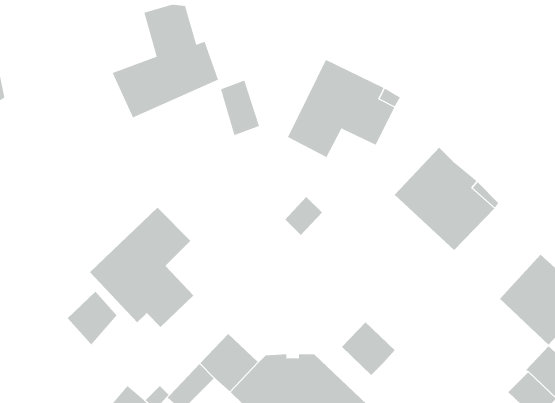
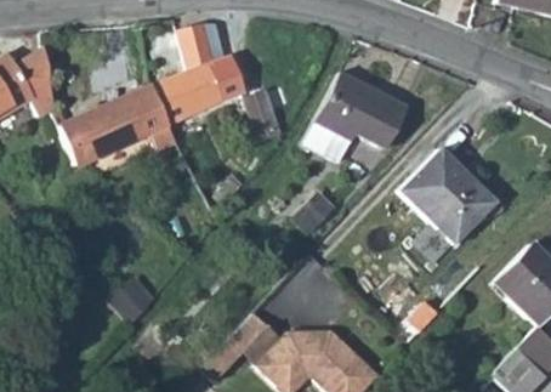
building: none -> [61,84,170,165]
building: [89,207,194,328] -> none
building: [341,321,396,376] -> none

